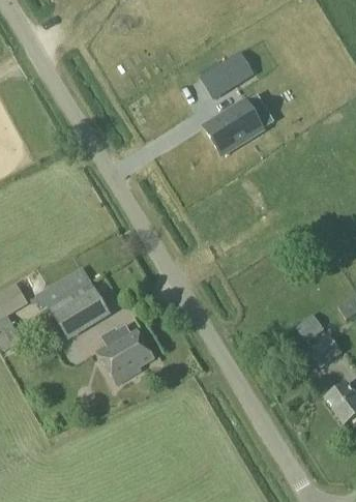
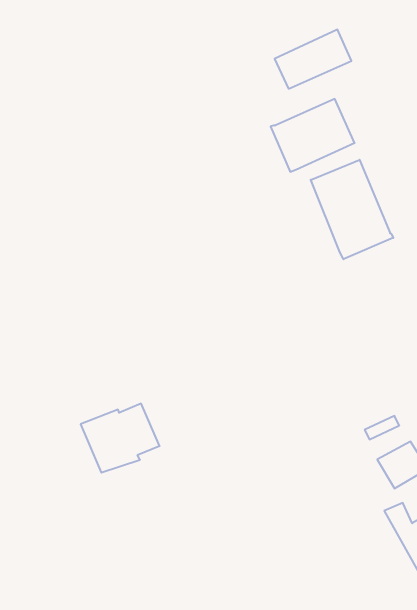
building: none -> [311,160,393,259]
building: [41,268,109,337] -> none

